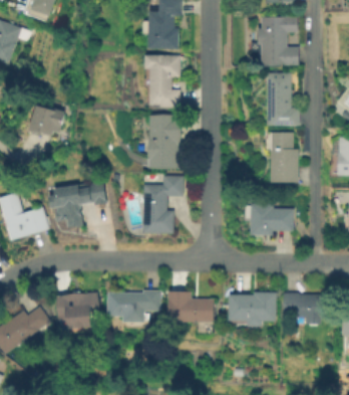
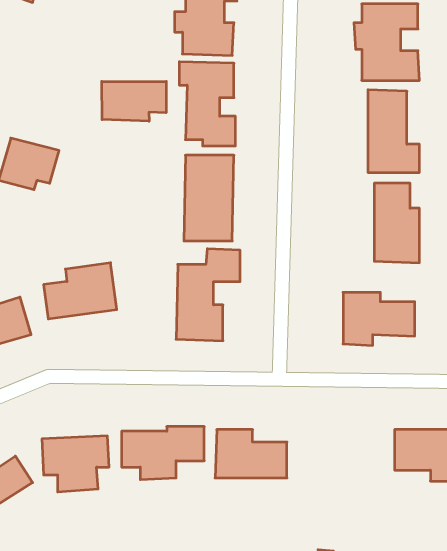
building: none -> [102,81,166,121]
building: [228,291,276,328] -> none

